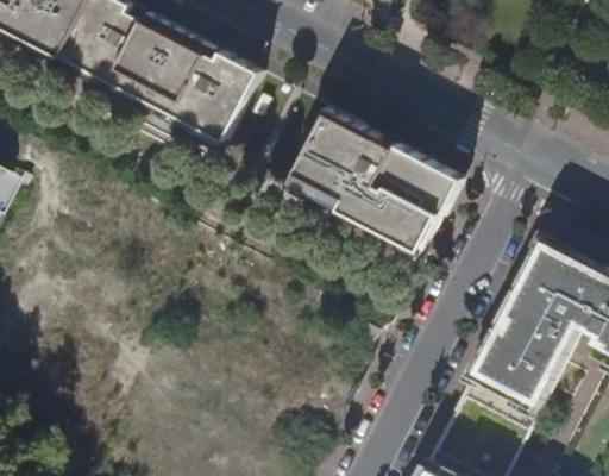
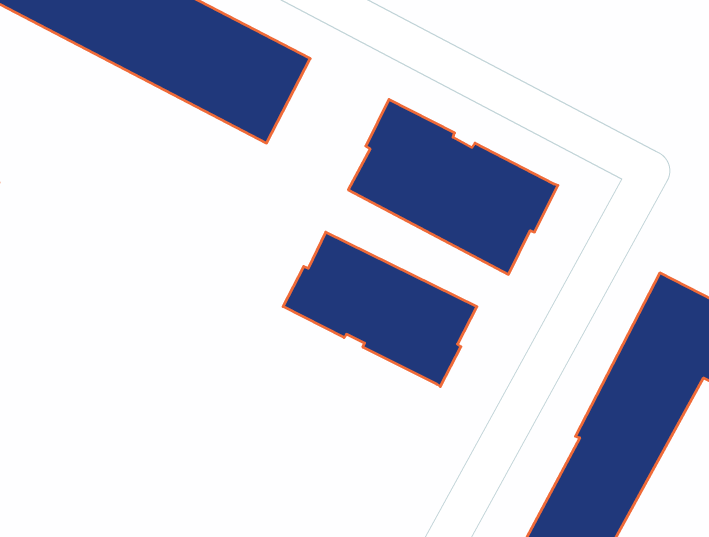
building: none -> [283,232,477,387]

